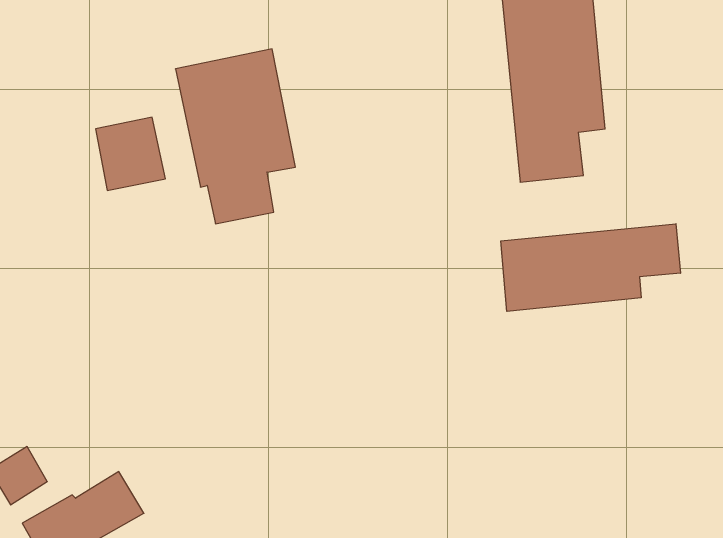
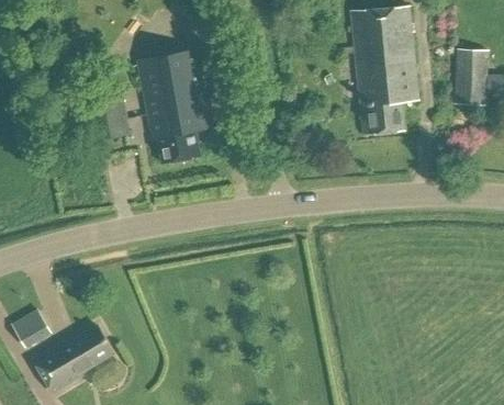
building: none -> [455,49,489,104]
building: [501,224,680,311] -> none

